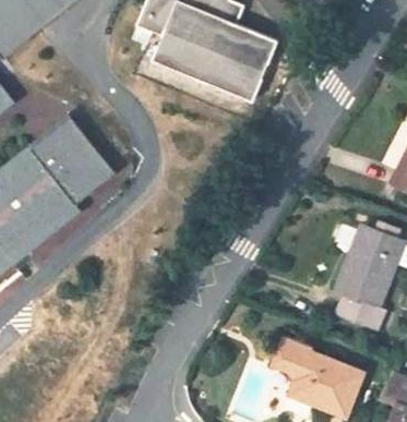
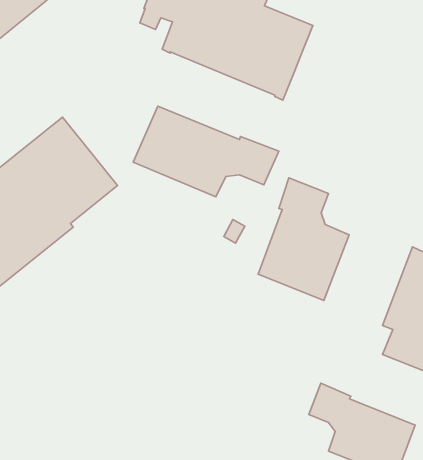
building: none -> [133,106,279,197]
building: none -> [258,178,349,300]

